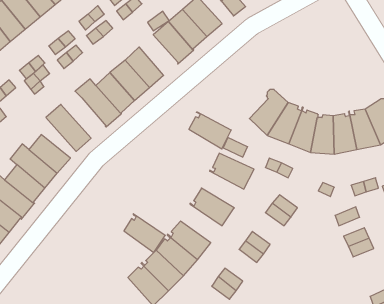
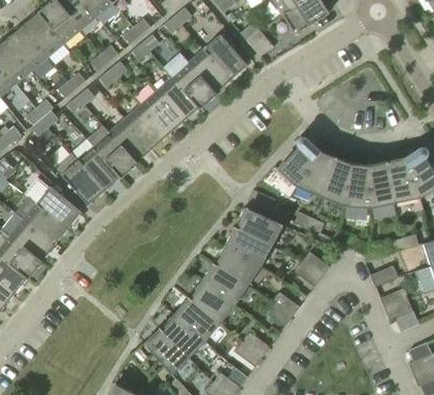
building: none -> [157,76,199,121]
building: none -> [77,145,121,190]
building: [189,112,231,149] -> [225,226,271,266]
building: [124,214,165,252] -> [202,262,247,304]

